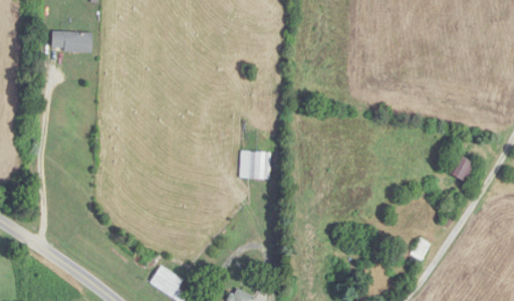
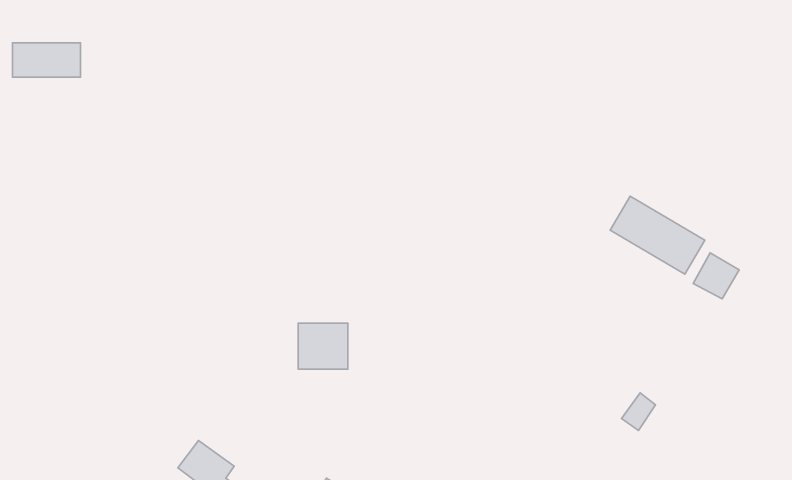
building: none -> [610,196,705,274]
building: [239,150,268,178] -> [298,323,348,369]

